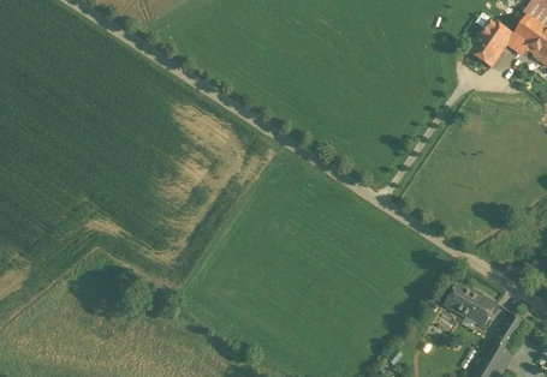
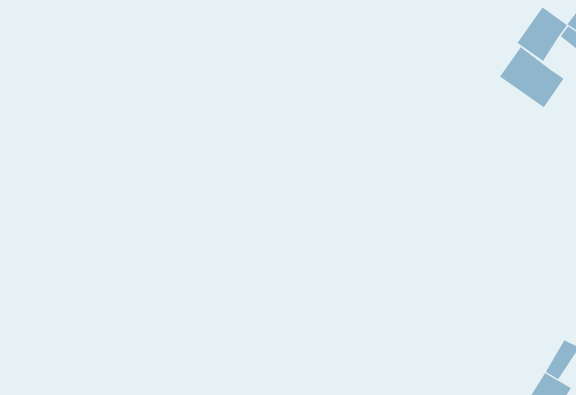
building: none -> [499,46,564,108]
building: [452,286,492,322] -> none

